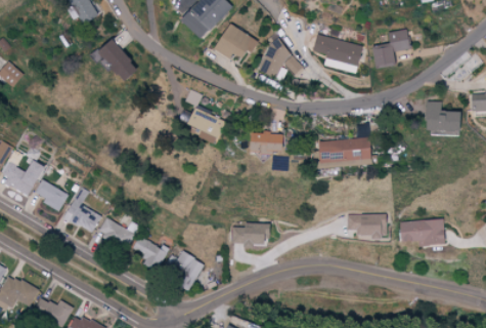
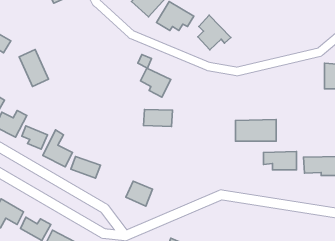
building: [370,30,408,69] -> none
building: [312,35,363,73] -> none
building: [96,37,134,84] -> [19,49,49,86]
building: [246,131,282,153] -> [144,110,172,126]
building: [319,138,371,166] -> [235,120,276,141]
building: [232,222,268,245] -> none
building: [133,236,170,270] -> none

